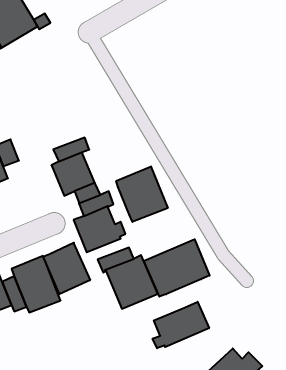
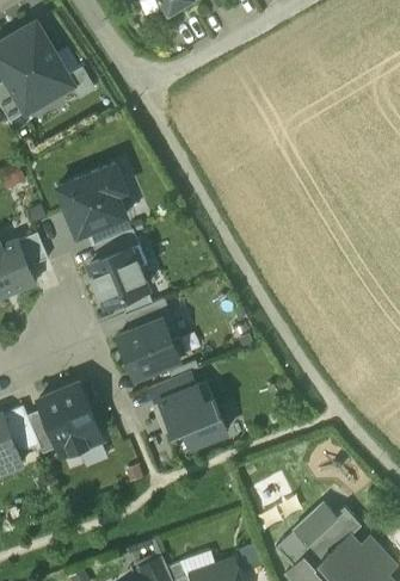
building: none -> [57,163,125,235]
building: [116,166,168,222] -> none
building: [144,239,210,297] -> none
building: [43,243,90,294] -> none
building: [153,302,209,348] -> none

